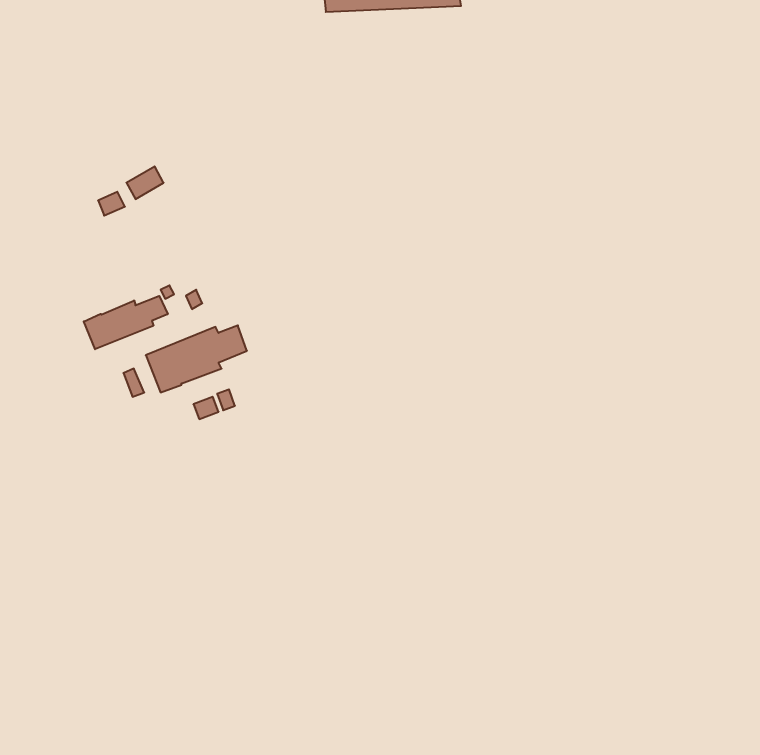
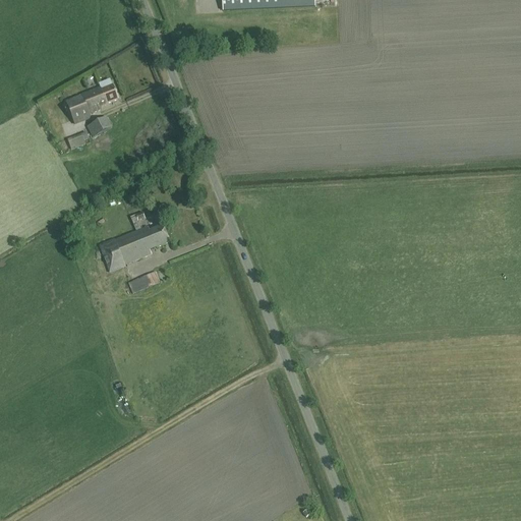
building: none -> [66,83,118,121]
building: [84,296,168,349] -> none

